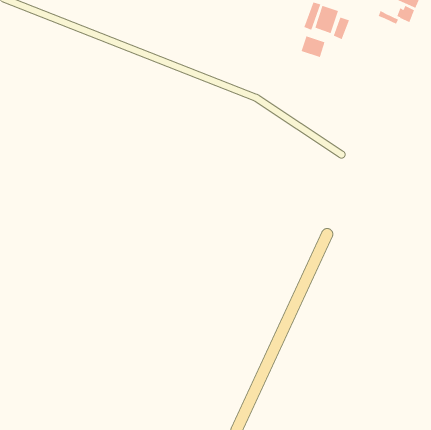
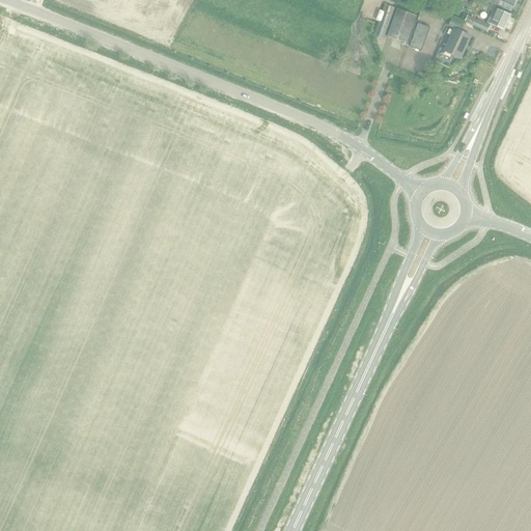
building: none -> [443,18,470,56]
building: [301,35,325,58] -> none

